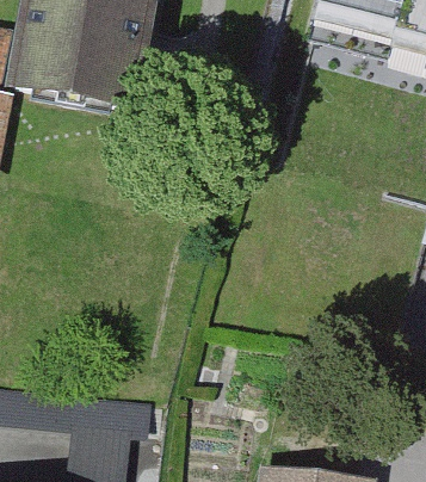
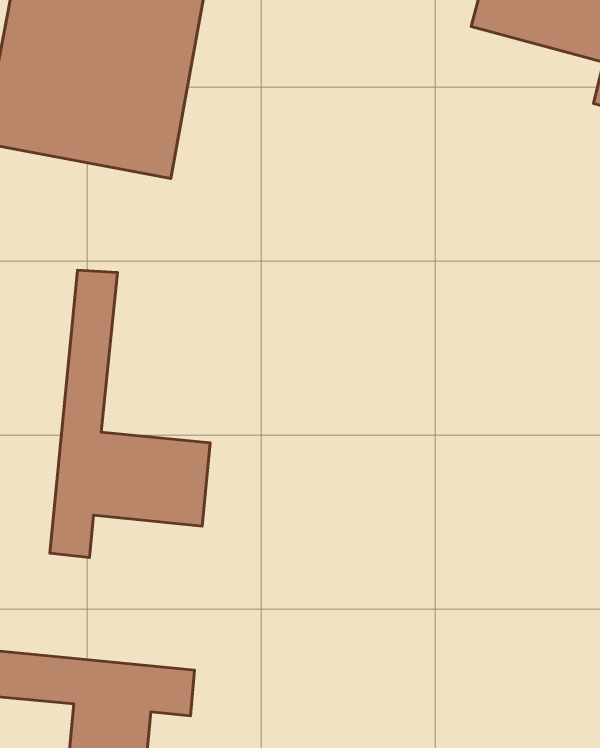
building: none -> [50,270,210,558]

